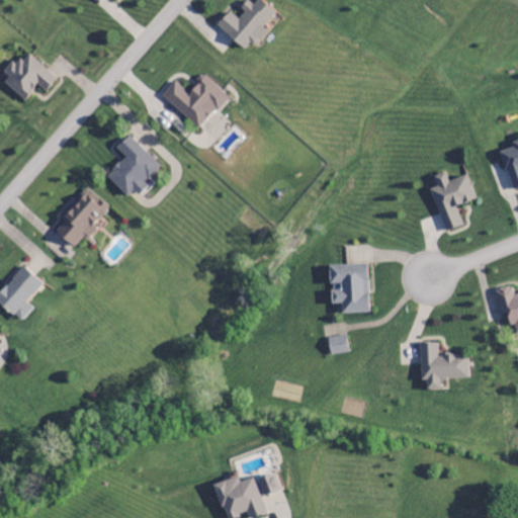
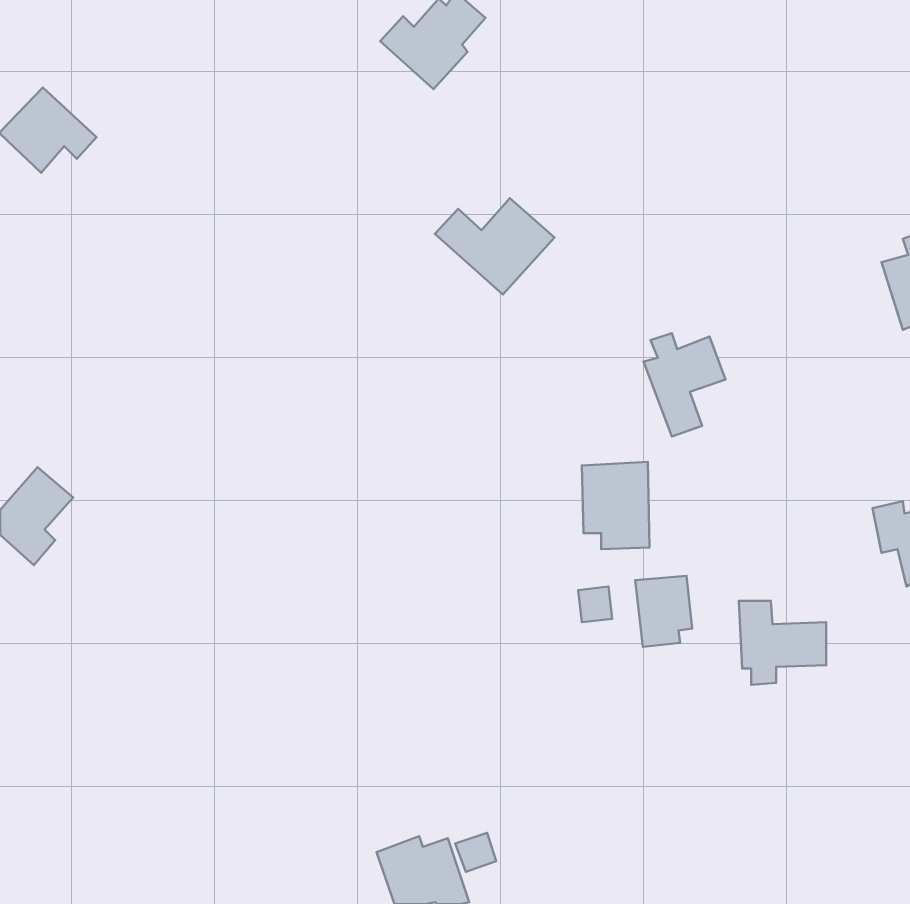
building: [161,73,229,127] -> [435,198,555,294]
building: [106,134,160,194] -> none
building: [430,171,477,230] -> [643,333,725,436]
building: [54,188,109,246] -> none
building: none -> [635,576,692,647]

